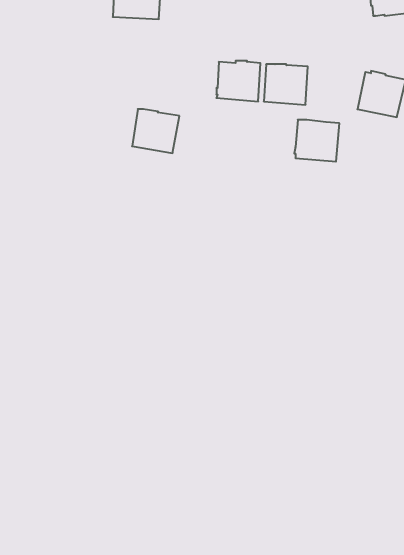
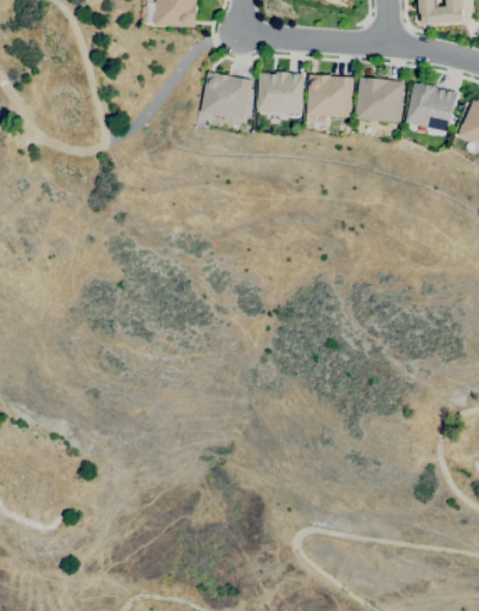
building: [132,109,179,153] -> [202,73,252,119]
building: [294,120,339,162] -> [356,78,404,122]

